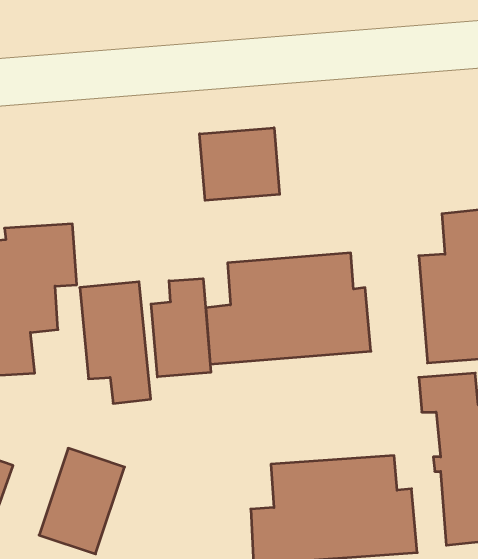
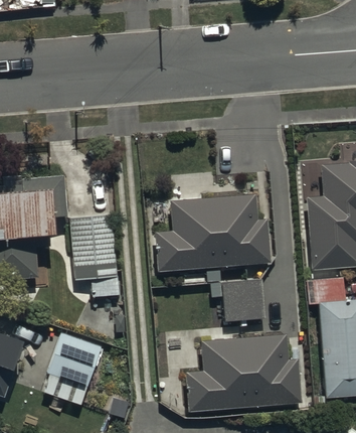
building: [200,128,280,200] -> none
building: [151,279,211,377] -> none
building: none -> [223,279,265,322]

